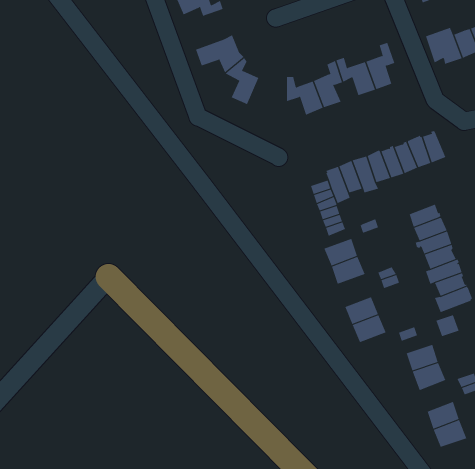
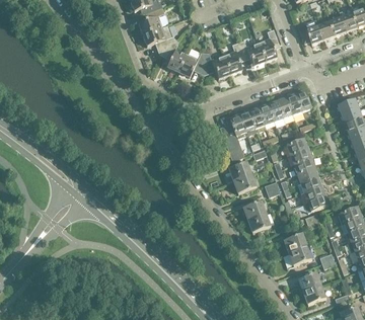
building: none -> [138,7,164,34]
building: none -> [177,53,204,78]

